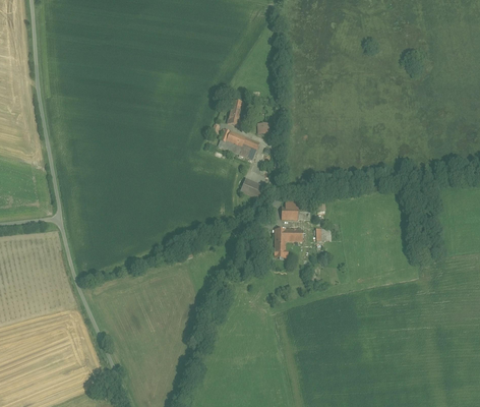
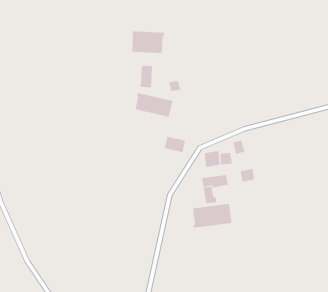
building: none -> [132,31,165,54]
building: none -> [193,203,232,229]

